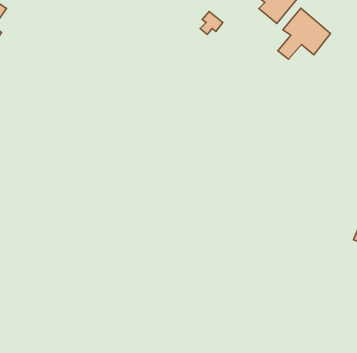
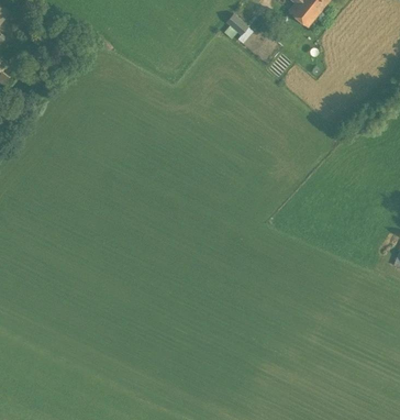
building: [278,8,331,59] -> none

